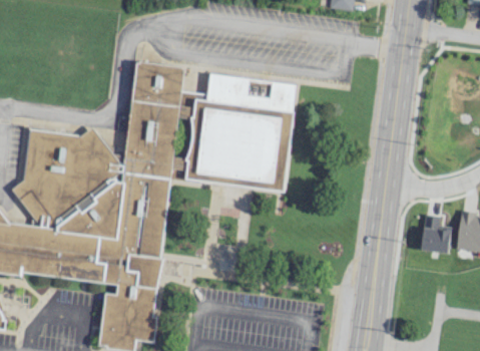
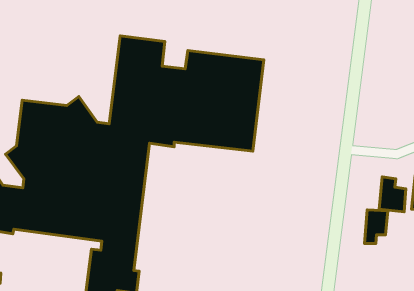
building: none -> [364,210,388,244]

